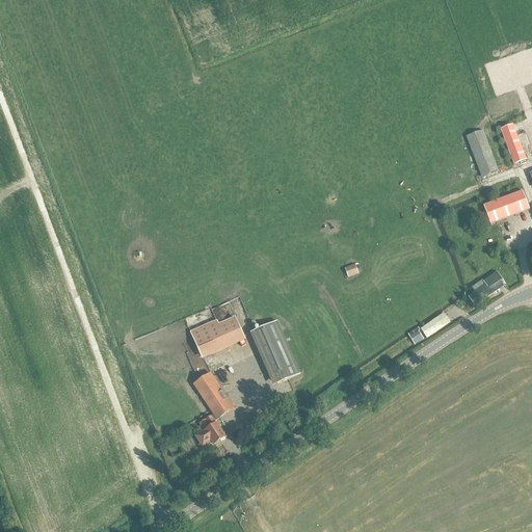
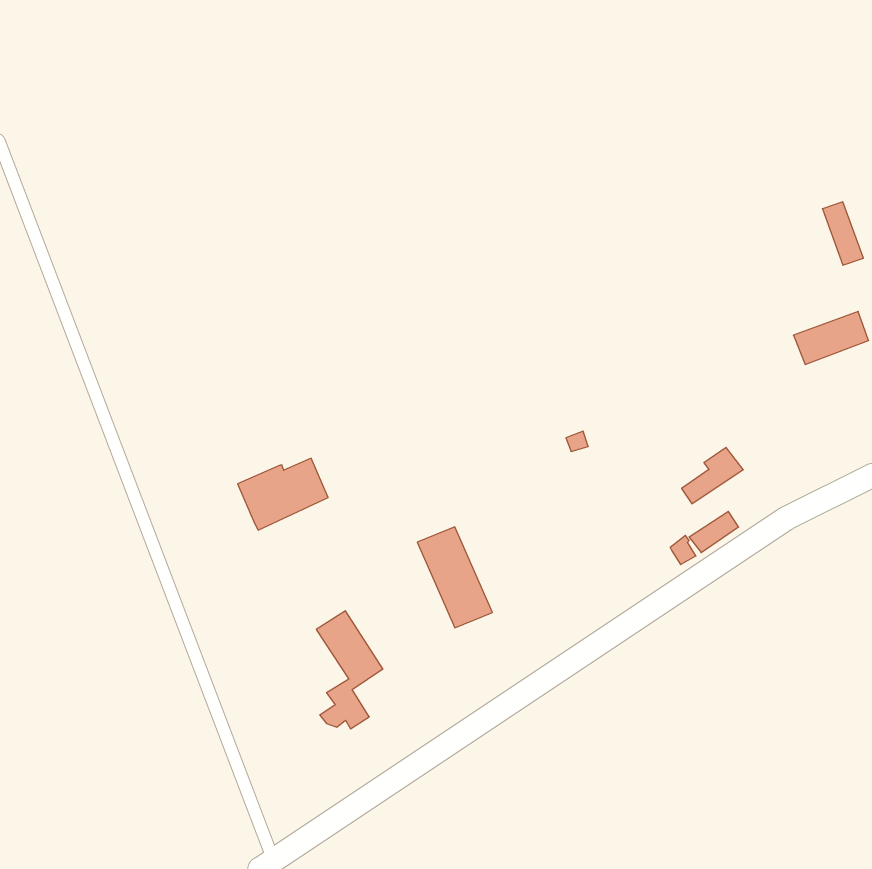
building: [464,128,497,175] -> none
building: [468,269,505,303] -> [682,447,743,504]
building: [189,314,244,357] -> [238,458,328,530]

